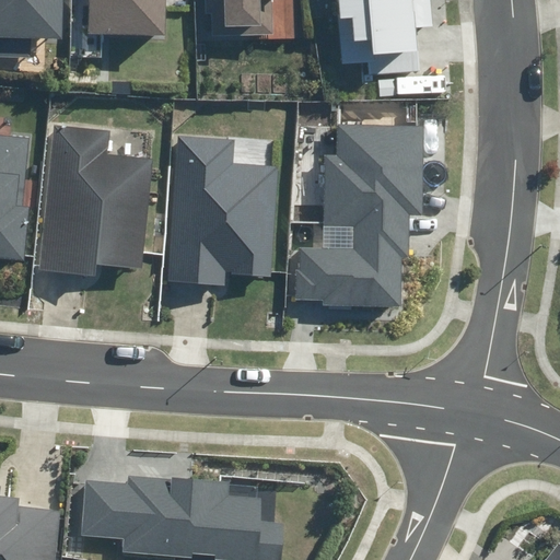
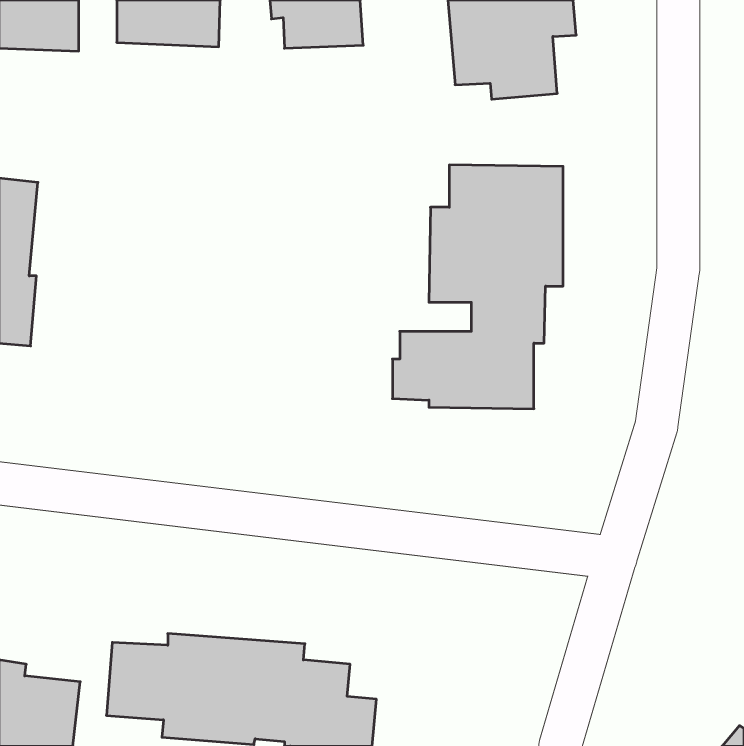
building: [37,125,152,277] -> none
building: [167,135,277,285] -> none

